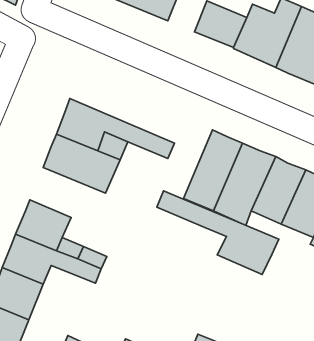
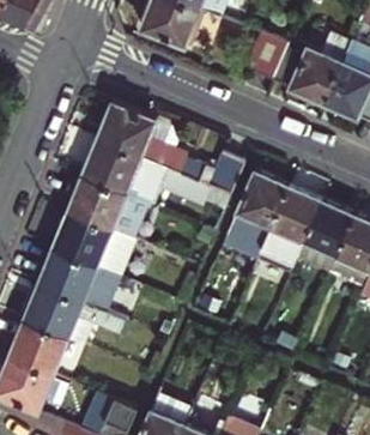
building: none -> [99,105,244,193]
building: none -> [56,212,138,274]
building: [157,191,279,275] -> none

